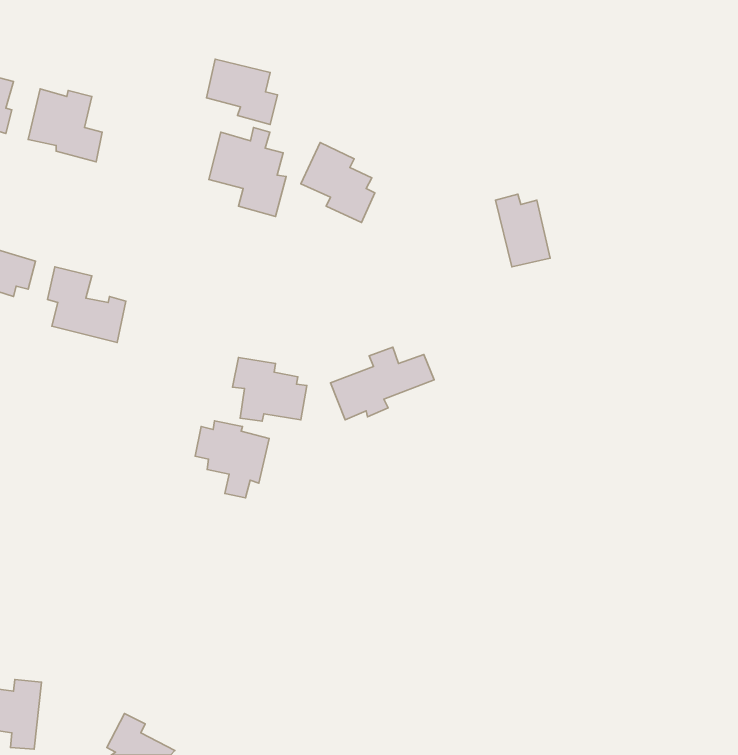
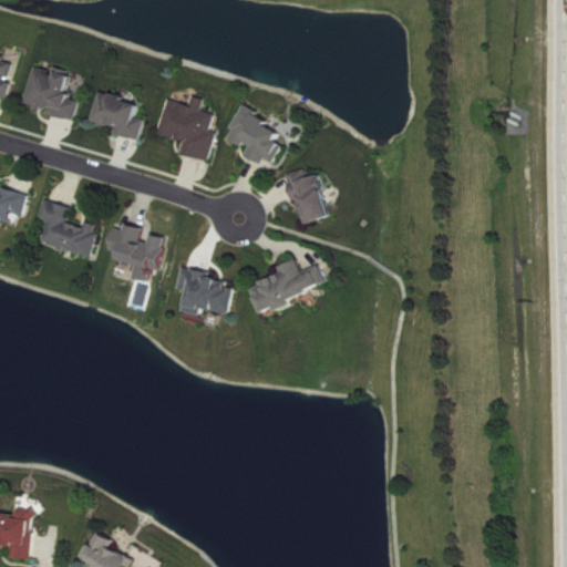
building: [206,59,277,125] -> [90,92,143,141]
building: [495,194,550,267] -> [287,169,328,224]
building: [195,421,269,498] -> [107,224,163,281]

